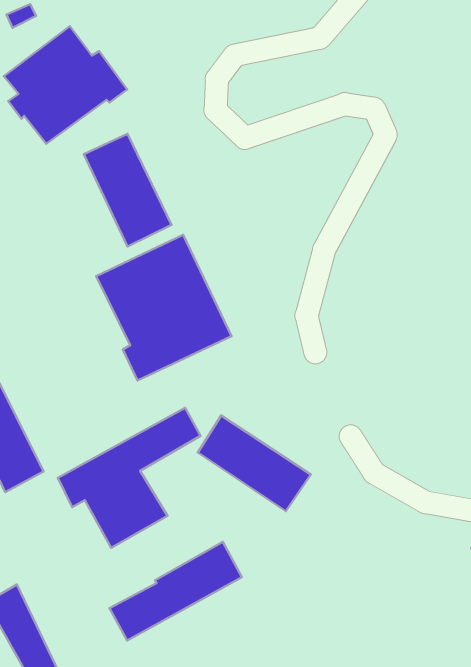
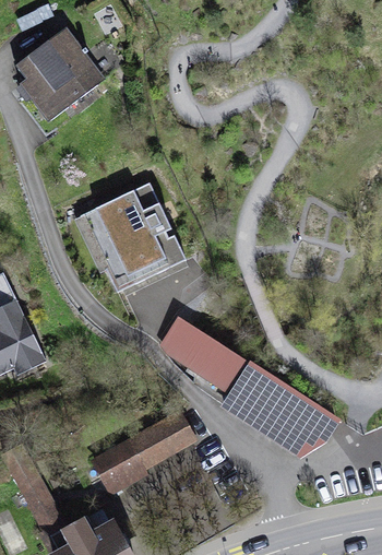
building: [84,134,172,247] -> none
building: [58,408,201,548] -> none
building: none -> [226,367,336,454]

